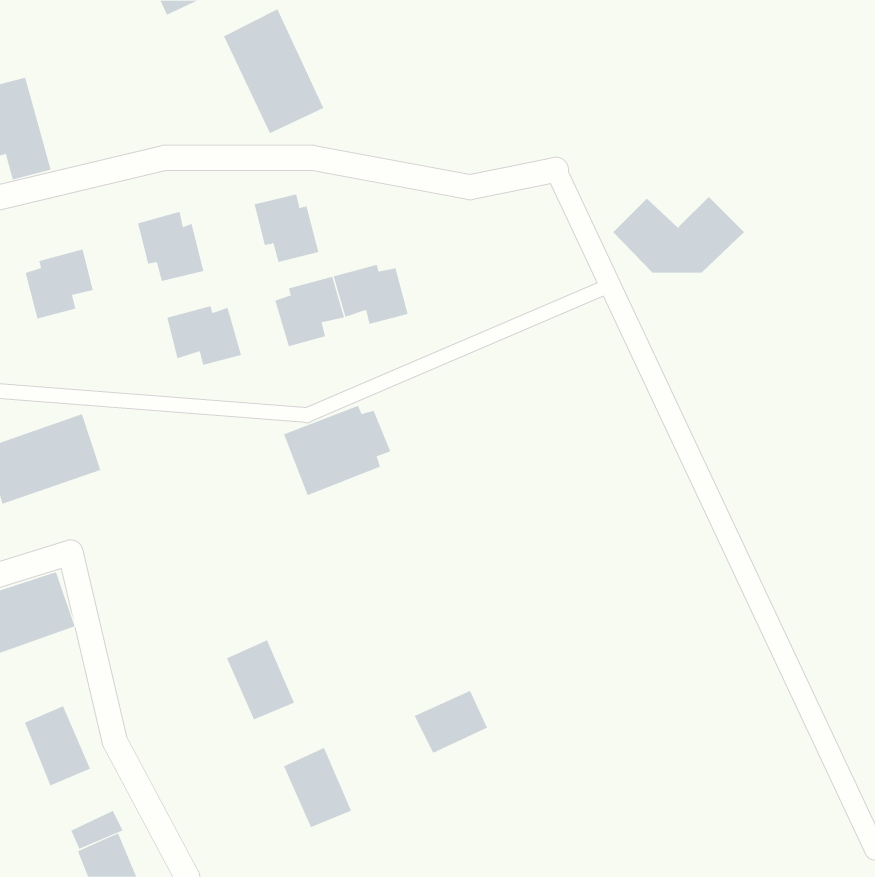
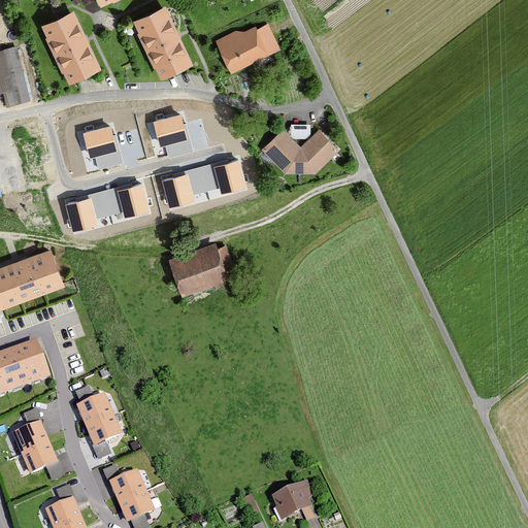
building: none -> [41,11,103,86]
building: none -> [216,24,282,74]
building: [613,196,745,273] -> [261,129,340,175]
building: [25,249,93,319] -> [65,191,106,233]
building: [226,639,295,720] -> [77,396,119,444]
building: [414,690,488,754] -> [271,484,316,522]
building: [283,747,352,828] -> [110,472,152,521]

